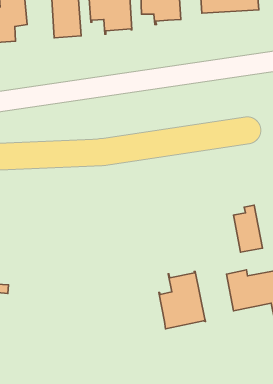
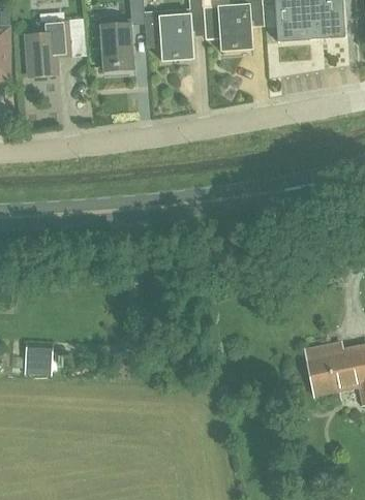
building: [234,205,263,252] -> none
building: [159,271,205,329] -> none

